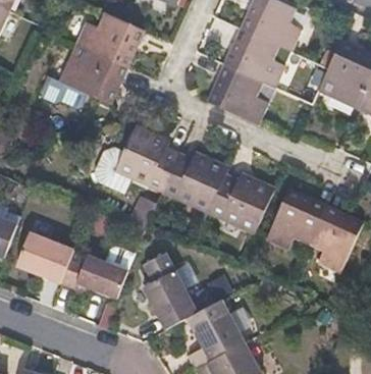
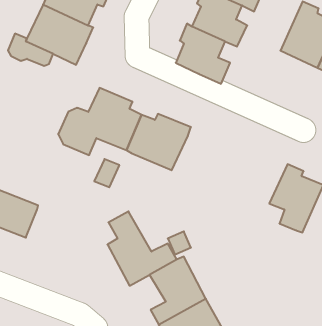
building: [208,175,274,233] -> none
building: [266,195,325,251] -> none
building: [60,244,135,296] -> none

